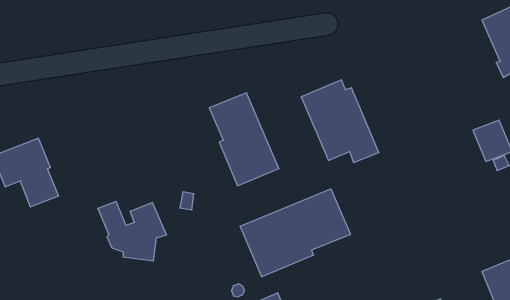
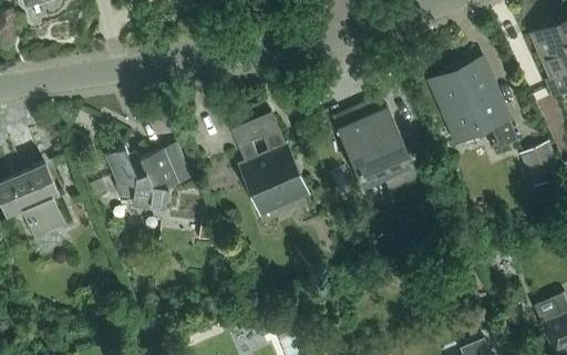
building: none -> [430,59,517,149]
building: [240,189,350,277] -> none
building: [98,201,167,261] -> [104,147,179,212]

